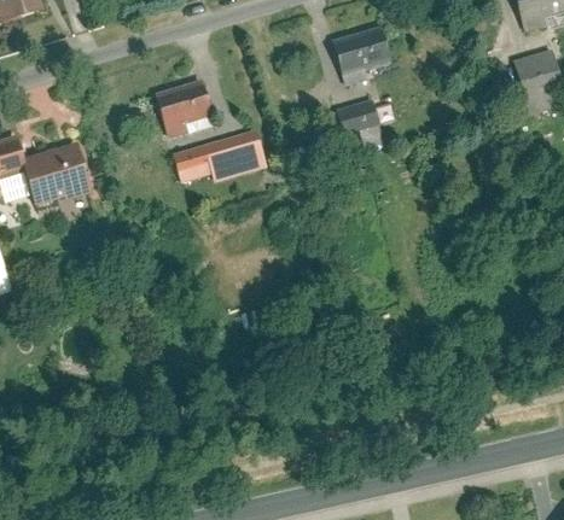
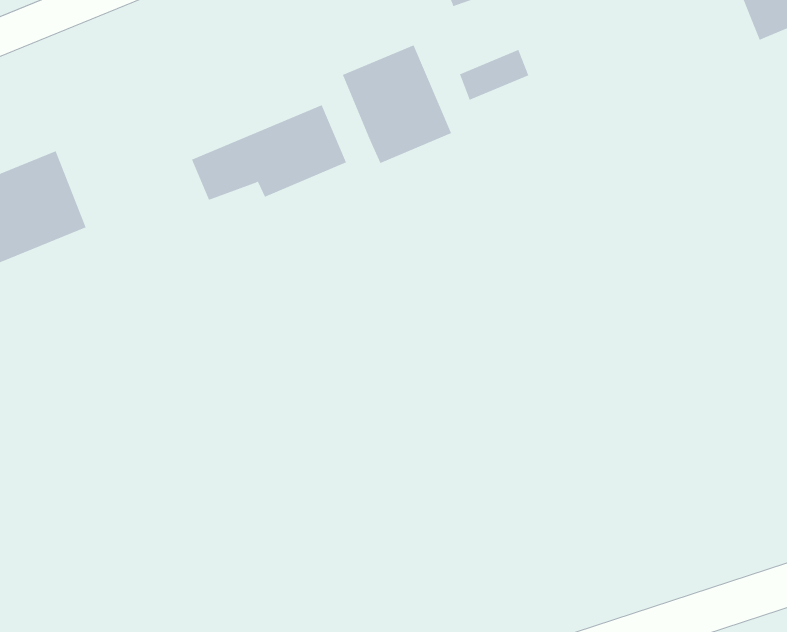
building: [156,80,216,133] -> none
building: none -> [342,44,452,164]

